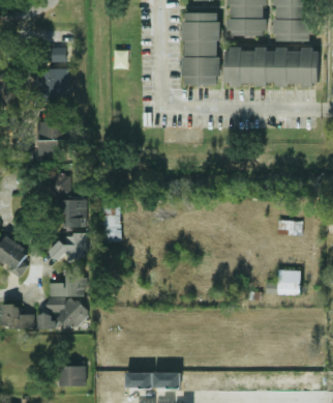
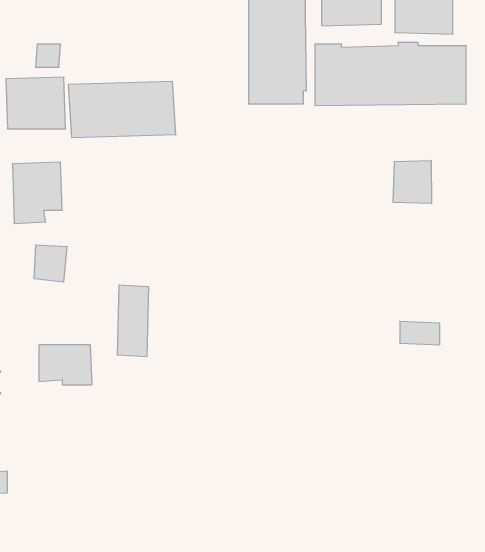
building: none -> [68,81,176,138]
building: none -> [393,160,432,204]
building: [58,199,86,228] -> none
building: [36,269,87,330] -> none
building: [266,270,300,295] -> none

